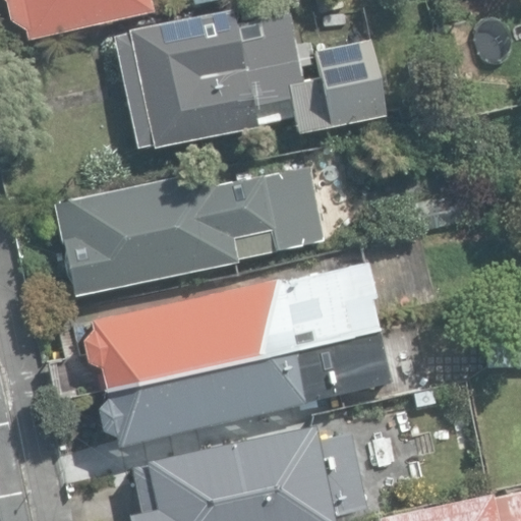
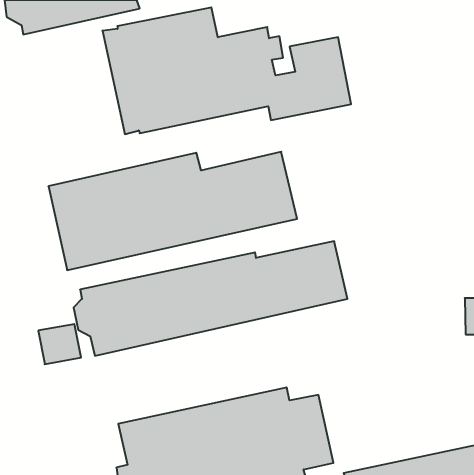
building: [97,328,393,445] -> none

